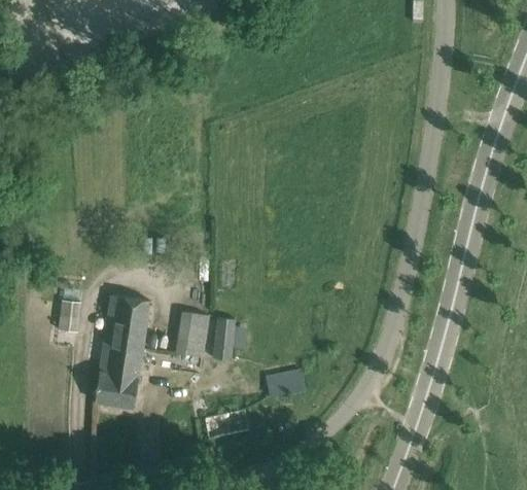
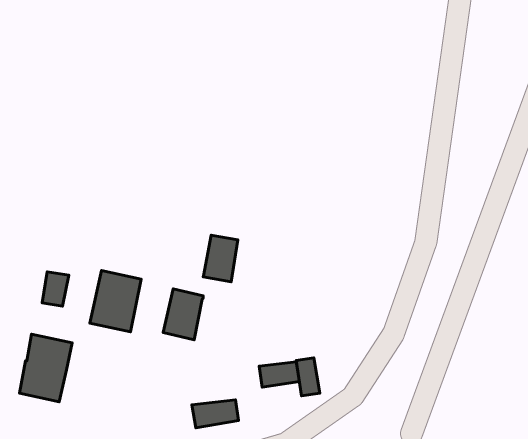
building: [204,317,235,360] -> [203,235,238,282]
building: [96,346,143,409] -> [19,334,72,402]
building: none -> [296,358,320,396]

